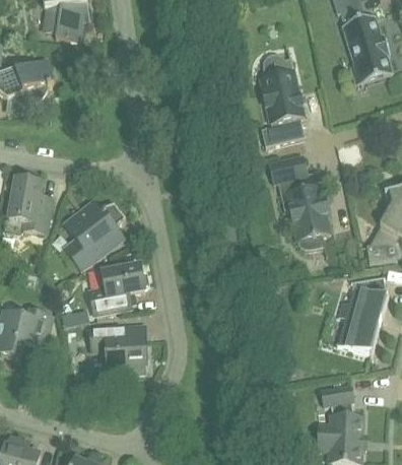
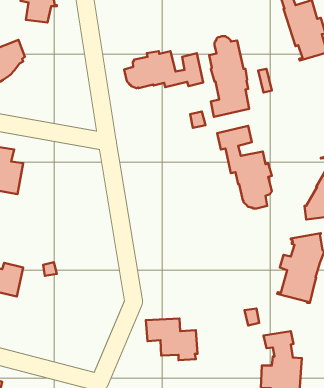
building: none -> [124,51,203,88]
building: [65,199,126,269] -> none
building: [89,259,148,314] -> none
building: [89,325,147,372] -> [146,318,198,360]

